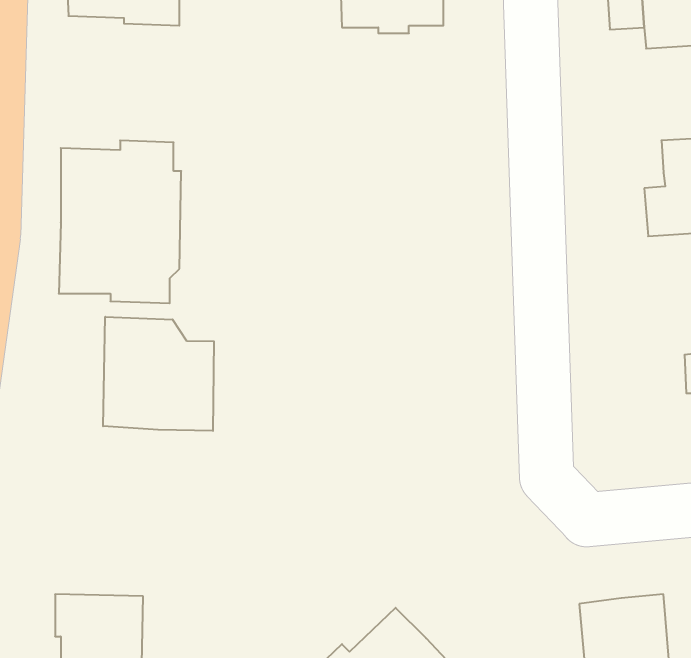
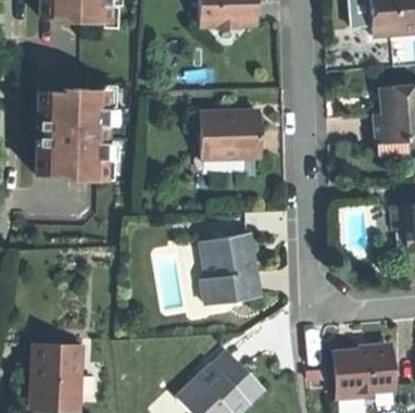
building: none -> [199,114,259,158]
building: [103,317,214,431] -> none
building: none -> [200,234,257,306]

